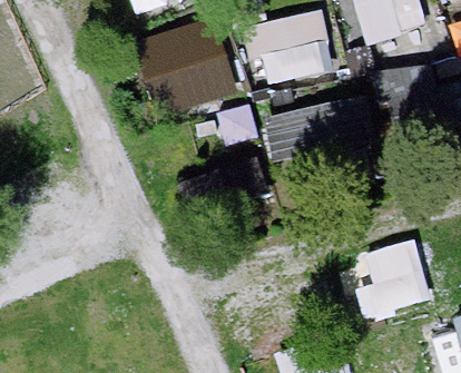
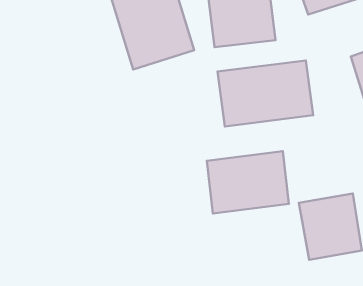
building: none -> [207,151,289,213]

